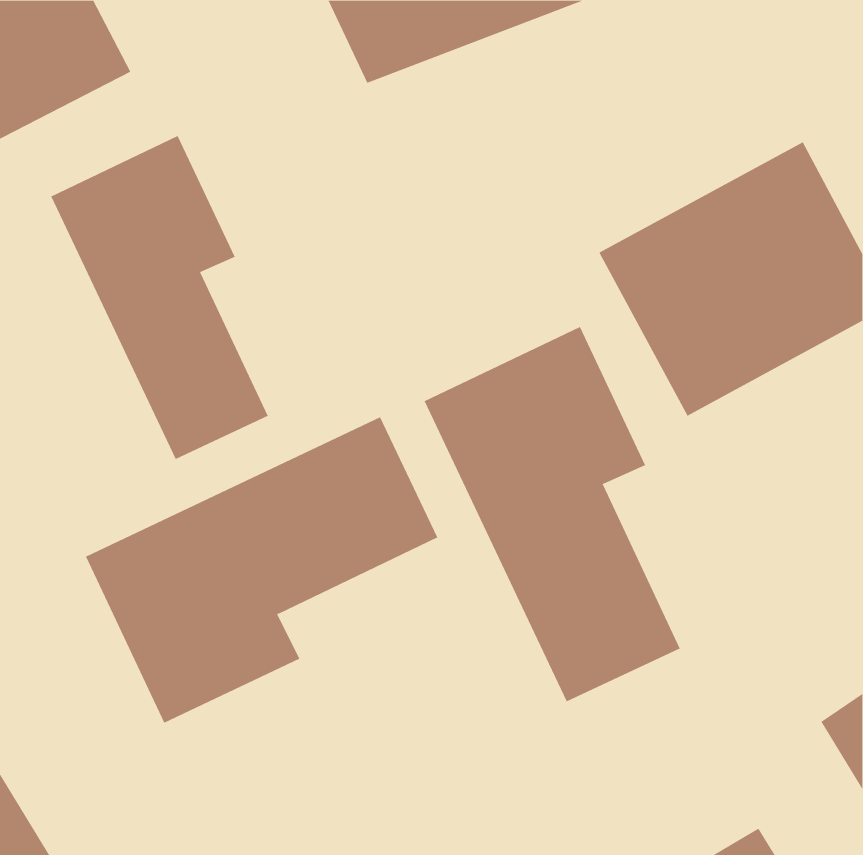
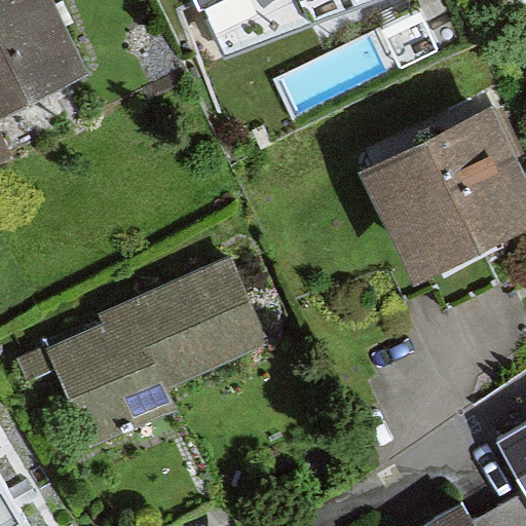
building: [51,135,268,460] -> none
building: [424,326,681,702] -> none

